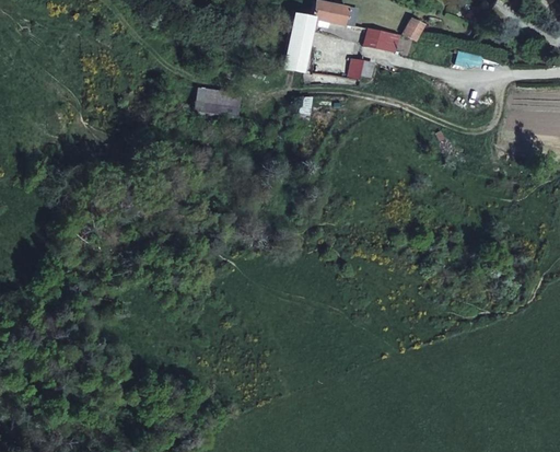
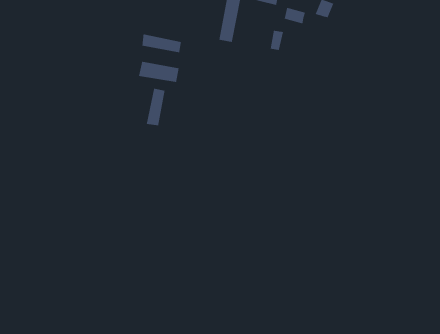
building: none -> [142,34,182,53]
building: none -> [146,88,165,126]

